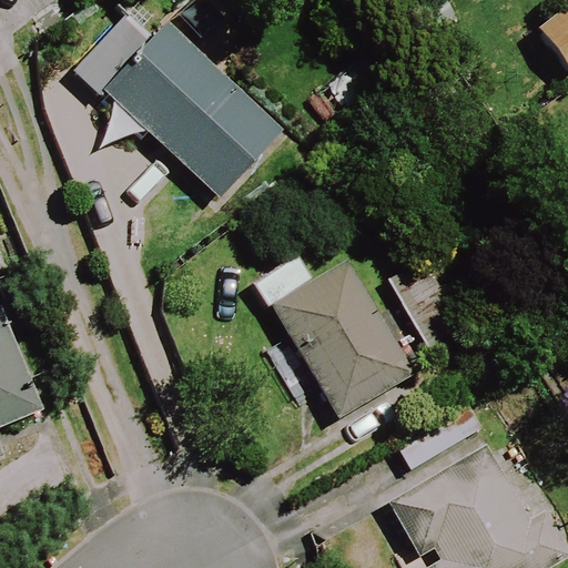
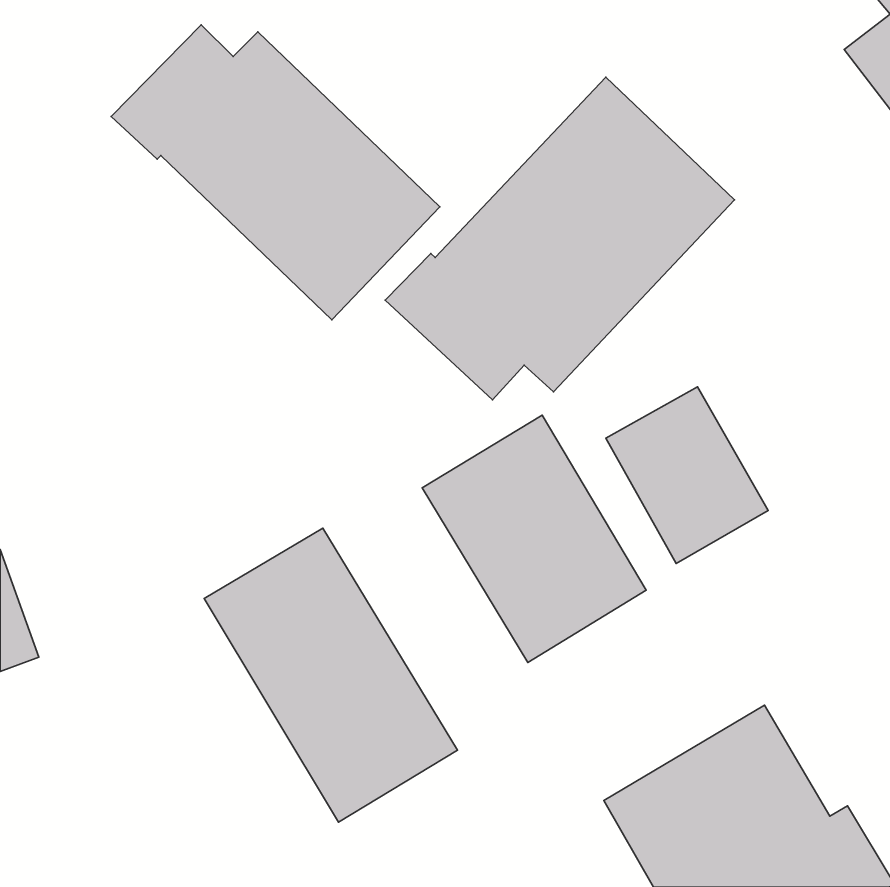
building: none -> [385,77,735,400]
building: none -> [204,528,458,822]

